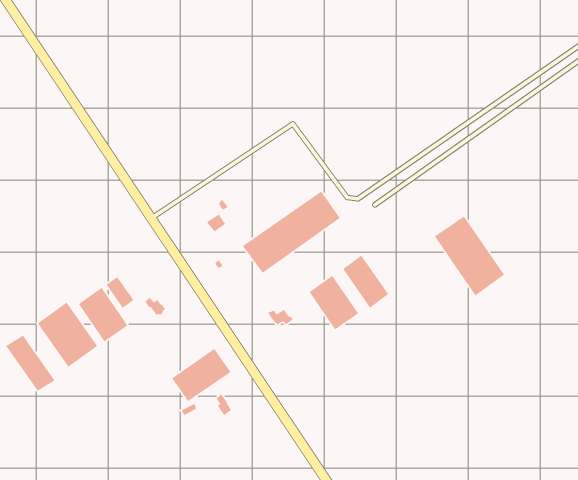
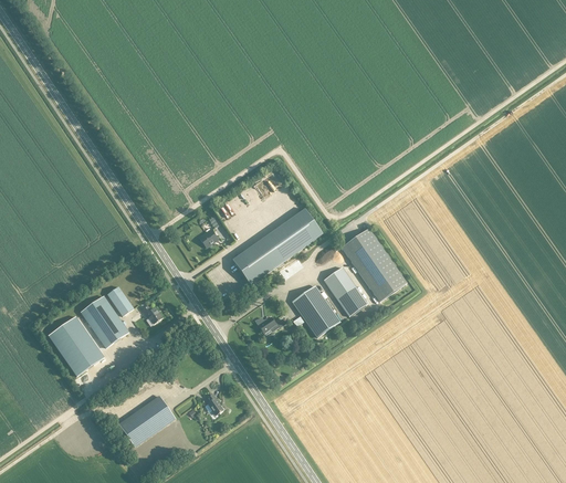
building: [434,216,505,297] -> [342,228,407,302]
building: [5,335,55,392] -> none
building: [171,348,231,402] -> [119,396,175,445]

